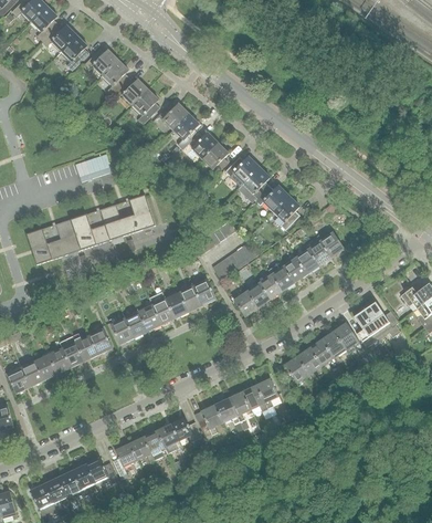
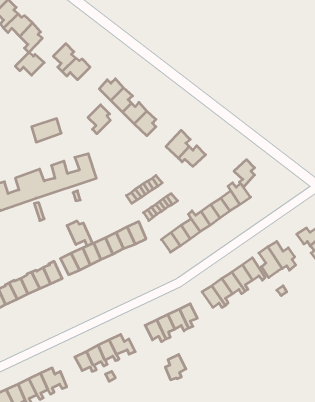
building: [82,48,117,75] -> [15,53,44,75]
building: [131,88,159,124] -> [88,105,110,134]
building: [224,156,259,186] -> none
building: [273,196,298,229] -> [234,160,255,187]
building: none -> [67,221,93,246]
building: [198,405,223,436] -> [165,354,186,380]
building: [113,443,140,475] -> none

